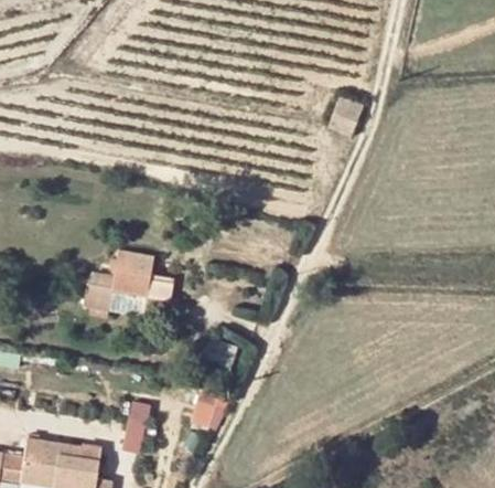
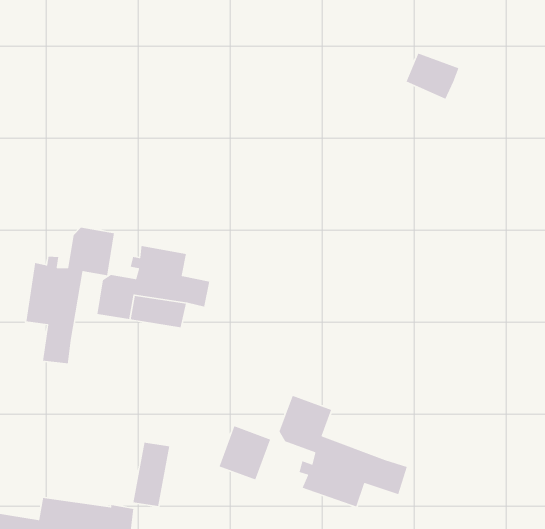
building: none -> [25,227,115,364]
building: none -> [278,395,408,508]

